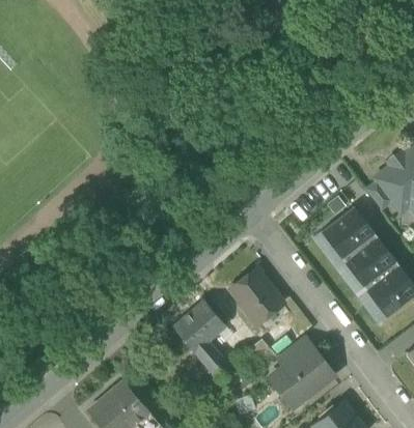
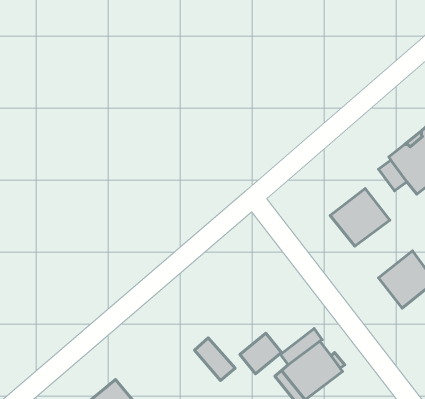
building: [343,236,396,289] -> none
building: [230,269,282,323] -> none
building: [174,303,228,355] -> none

